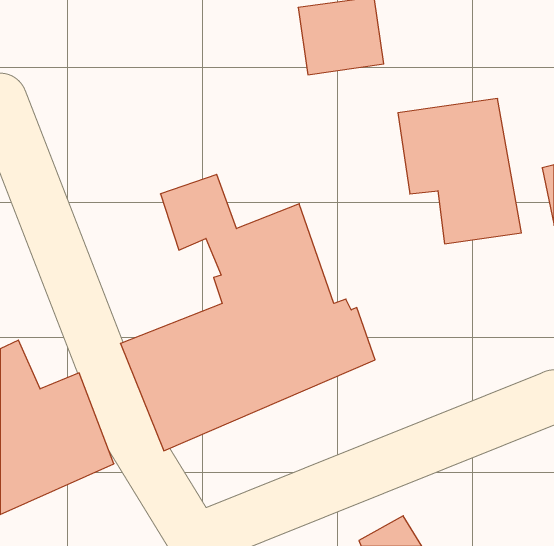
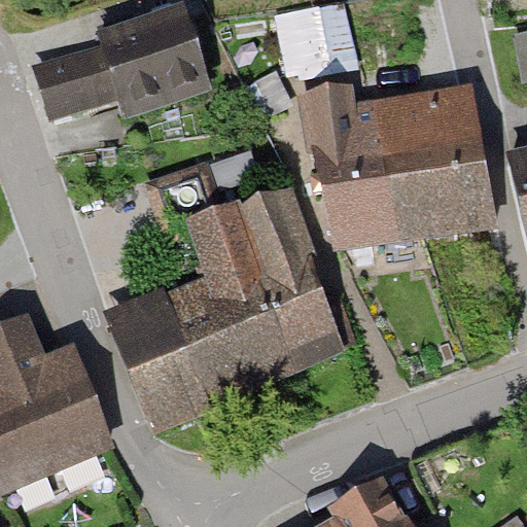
building: none -> [37,12,210,112]
building: none -> [308,92,422,244]

